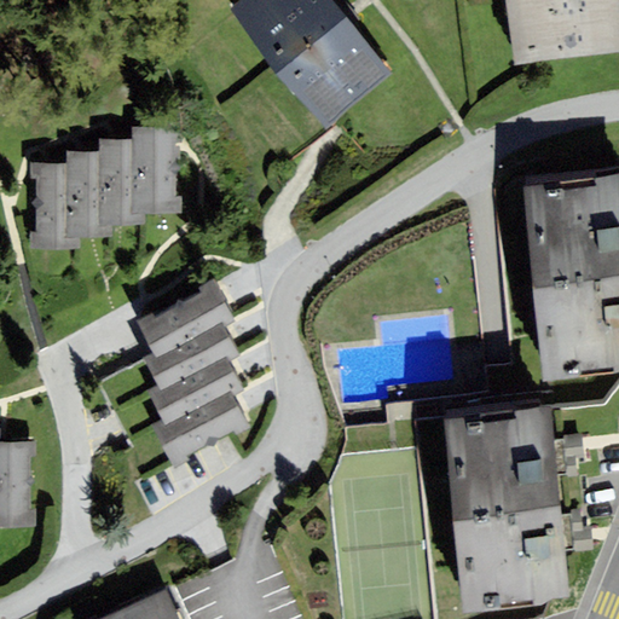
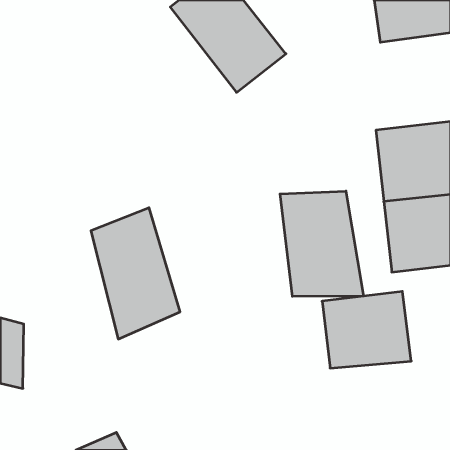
building: [22,120,183,256] -> none
building: none -> [280,191,364,296]
building: [453,496,577,613] -> none

